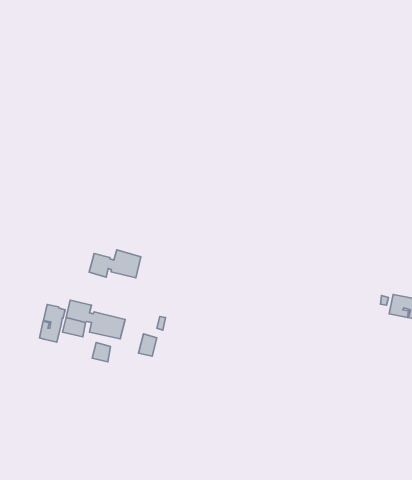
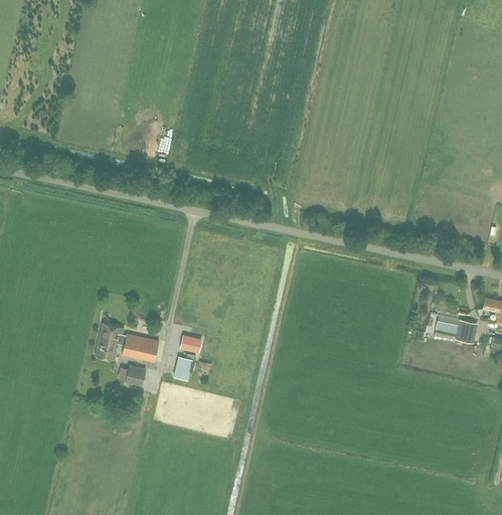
building: [89,250,141,278] -> none
building: [39,304,65,342] -> none

